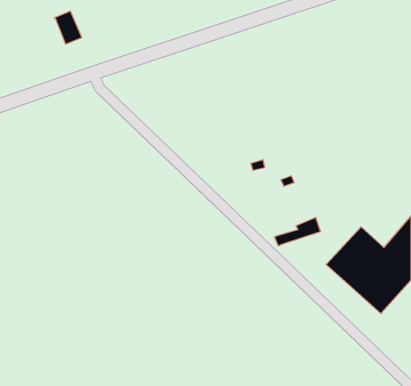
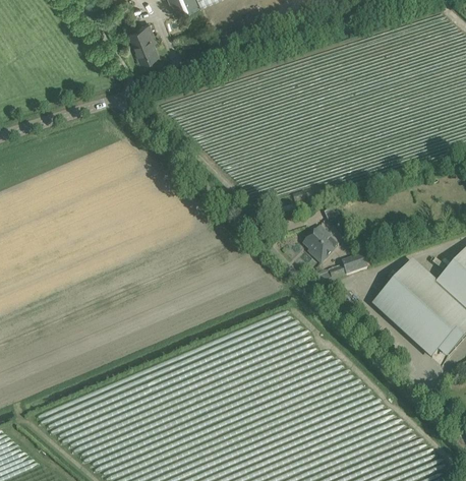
building: [54,11,82,44] -> [128,23,158,59]
building: none -> [302,225,338,262]

